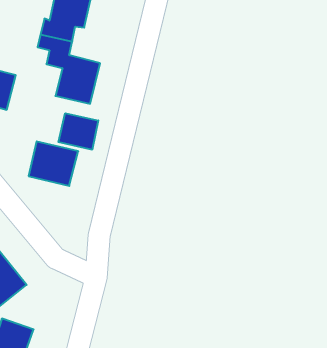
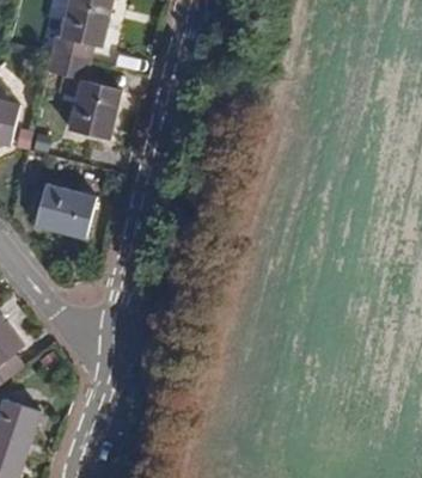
building: [58,113,98,150] -> none

